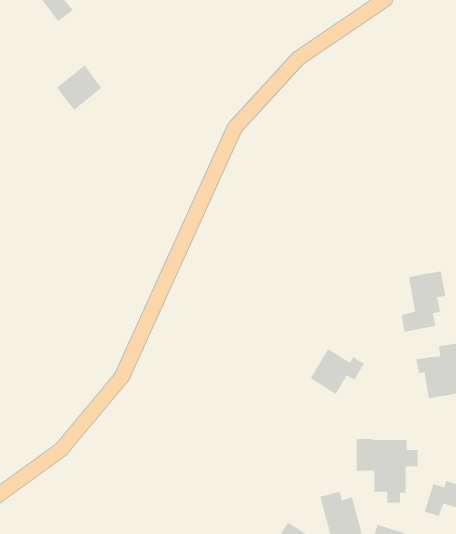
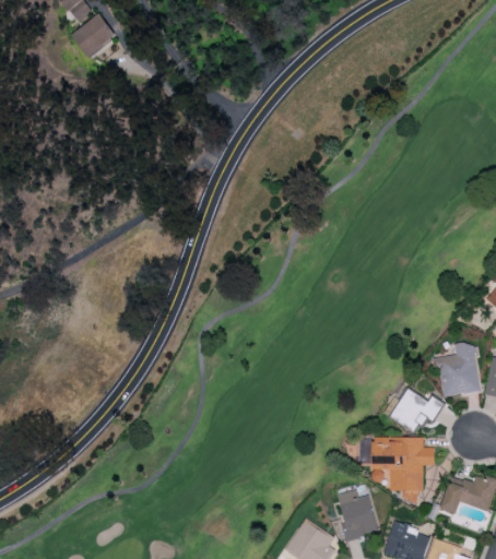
building: [56,65,102,111] -> [70,12,116,58]
building: [401,271,446,333] -> none
building: [310,349,365,395] -> [389,389,444,435]

